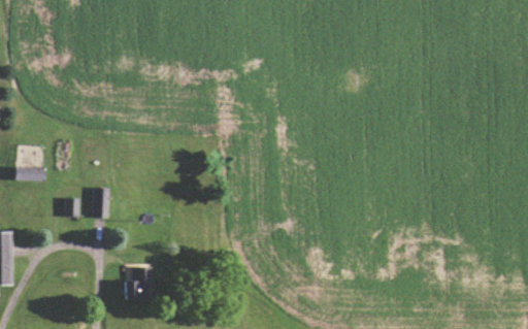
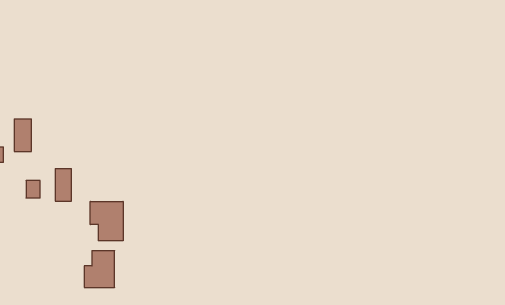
building: none -> [90,201,123,241]

